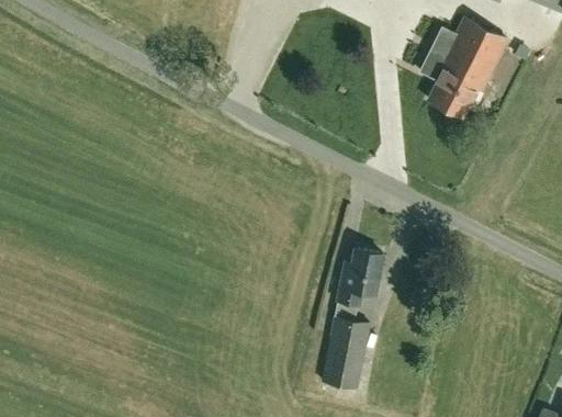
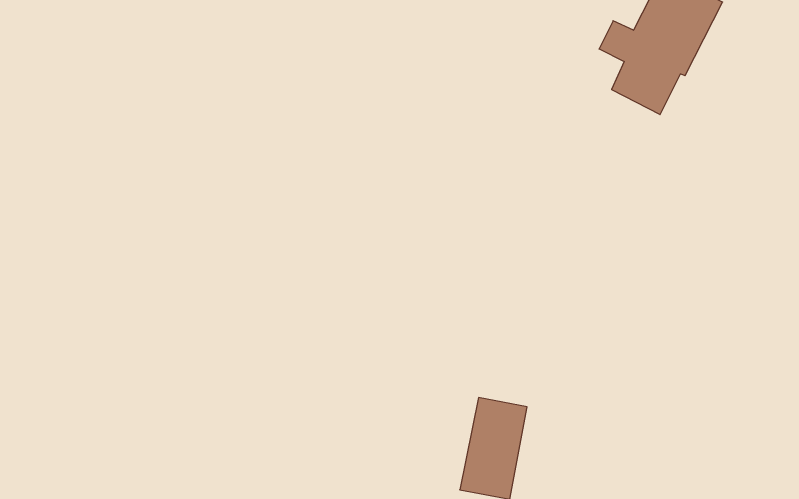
building: [338,247,384,304] -> none

